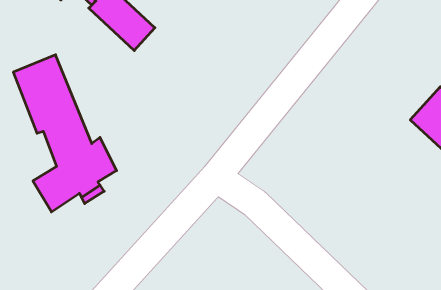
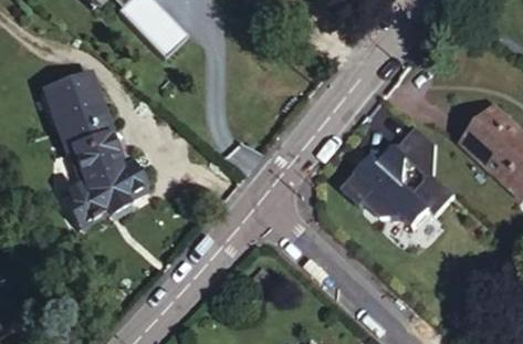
building: none -> [349,124,451,220]

